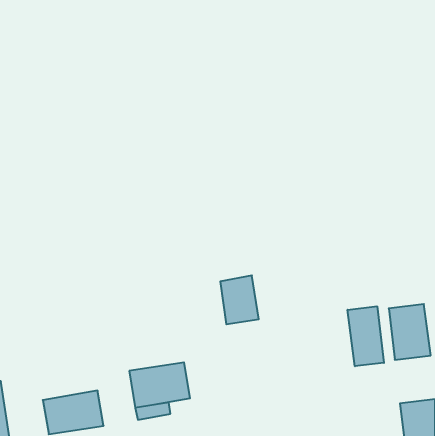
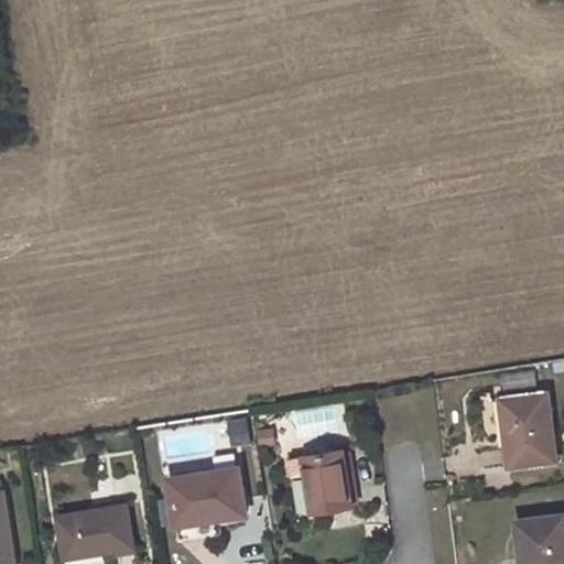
building: [220,275,259,324] -> [301,449,350,512]
building: [348,306,384,366] -> none

